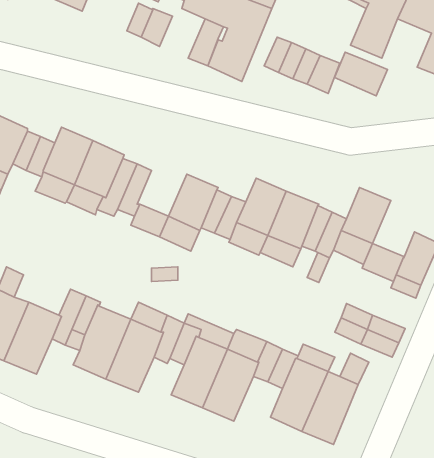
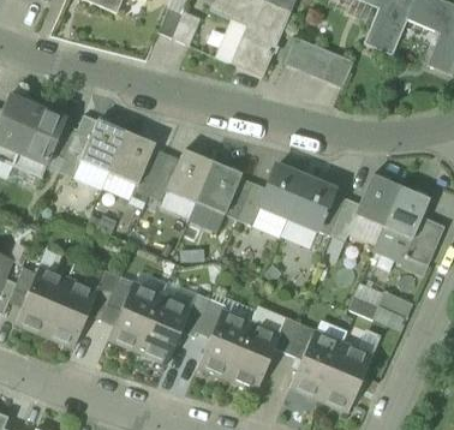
building: [334,52,388,96] -> none
building: none -> [167,150,213,201]
building: none -> [383,186,429,239]

